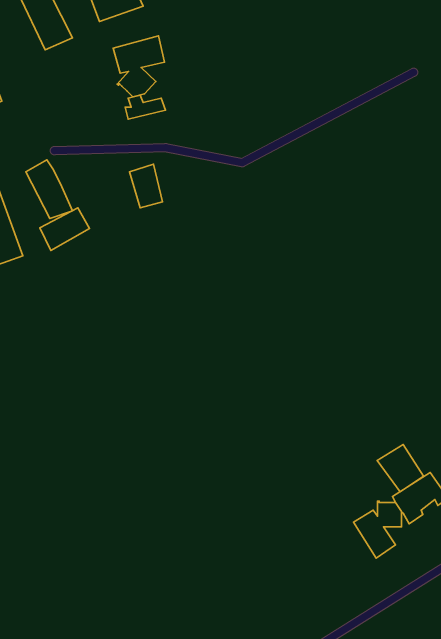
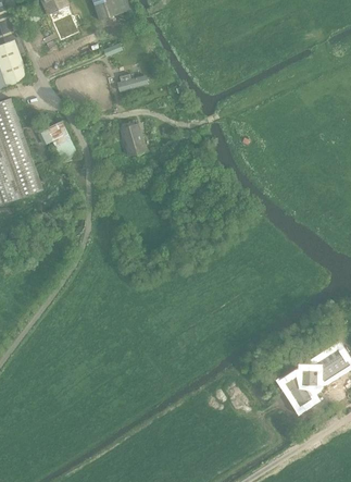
building: [113,36,164,97] -> none
building: [40,208,89,251] -> none
building: [377,444,424,492] -> none

